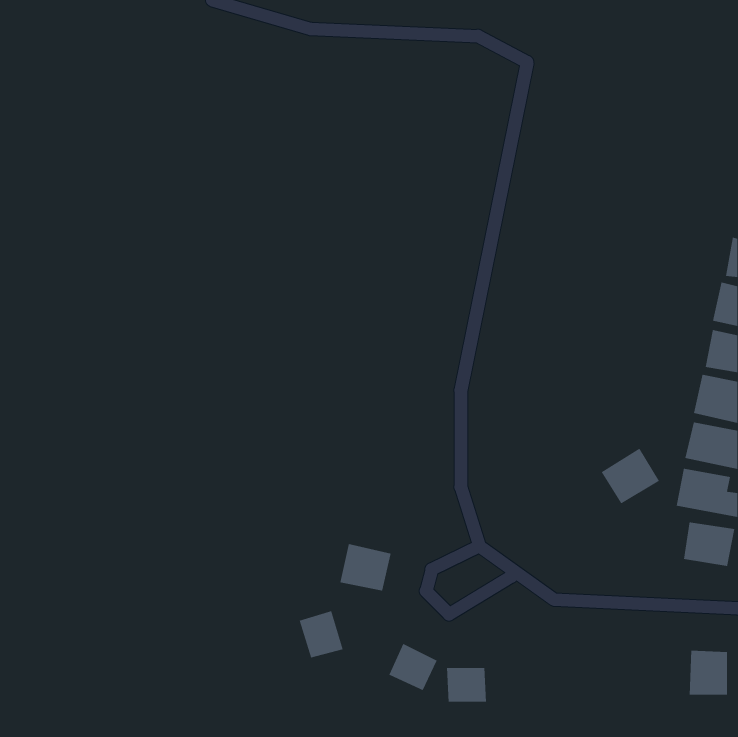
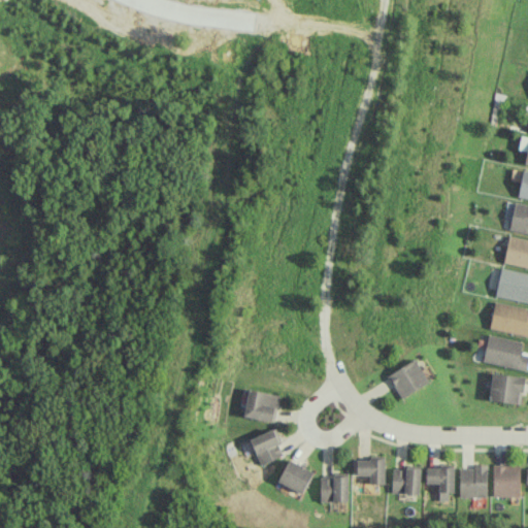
building: [601,448,660,504] -> [387,359,429,399]
building: [299,610,344,658] -> [250,430,282,464]
building: none -> [356,459,384,485]
building: none -> [459,465,487,497]
building: none -> [391,468,420,494]
building: none -> [426,468,454,501]

